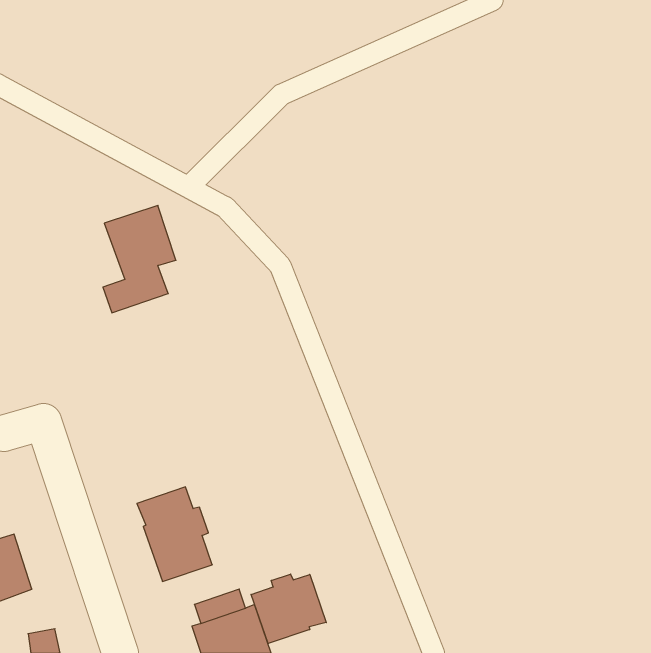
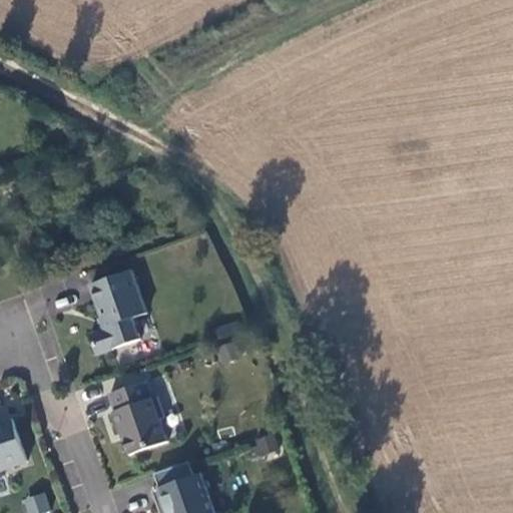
building: [103,205,176,313] -> [88,272,145,356]
building: [251,574,326,644] -> none

